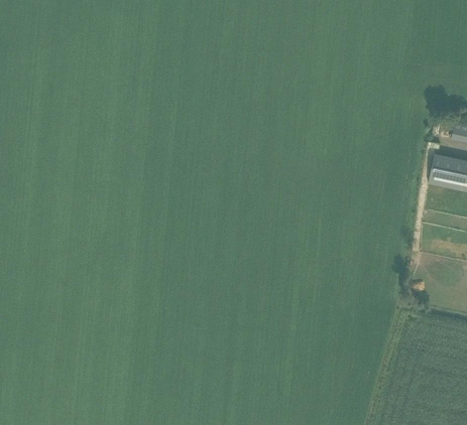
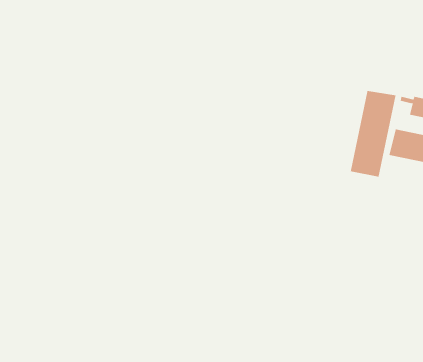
building: none -> [350,90,396,177]

